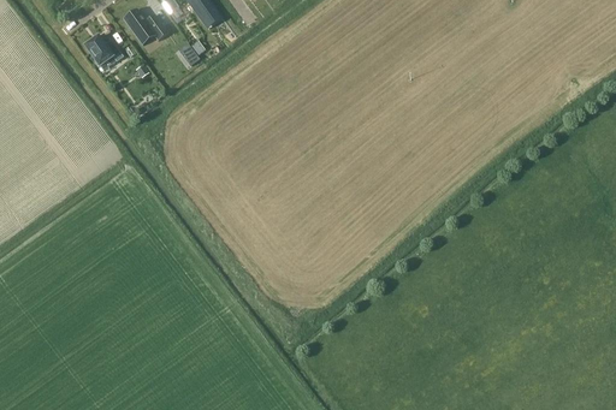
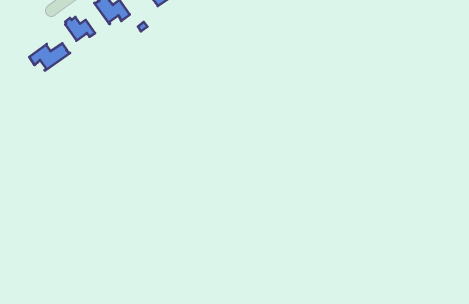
building: none -> [29,43,70,70]

